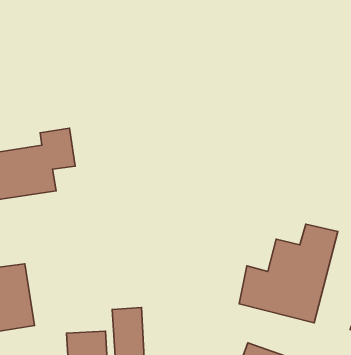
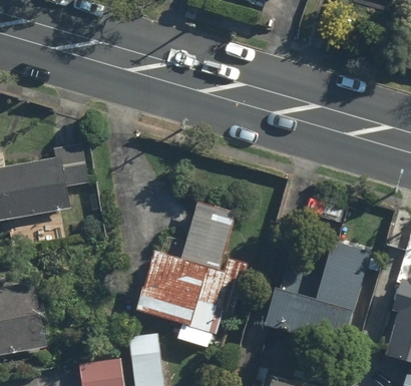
building: none -> [134,202,250,349]

